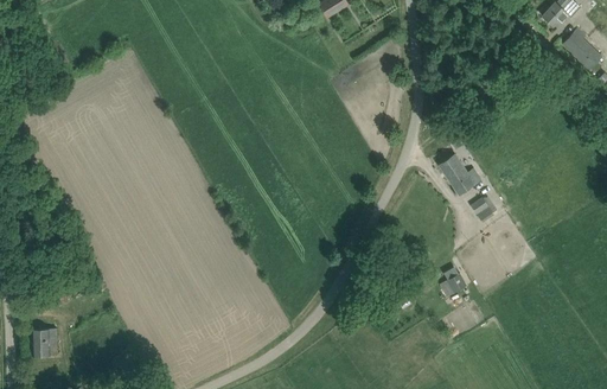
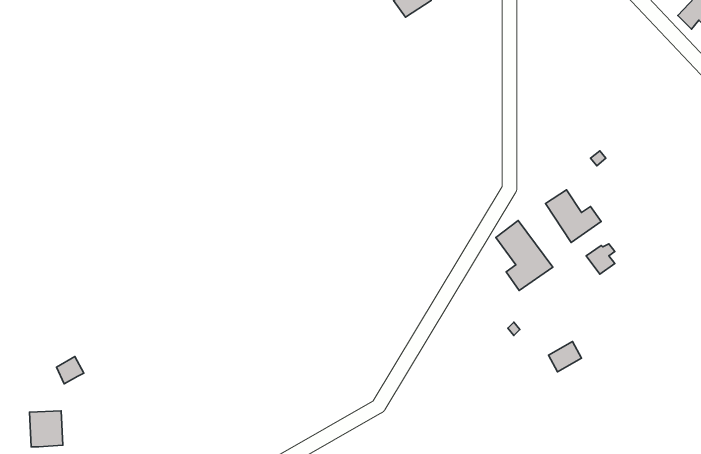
building: none -> [496,220,553,291]

